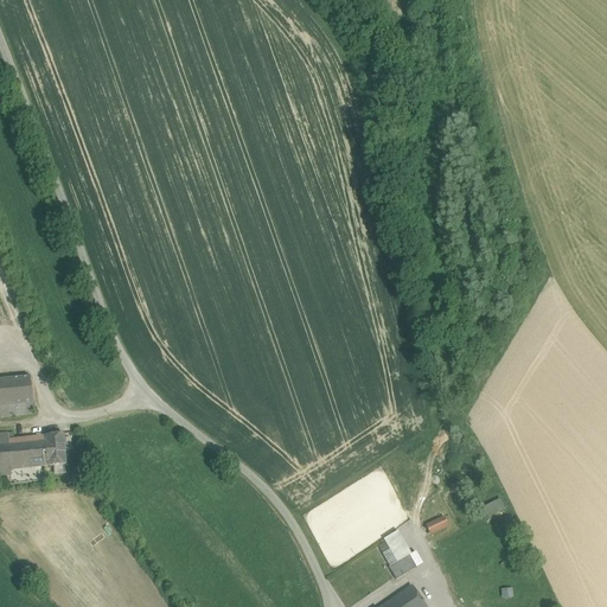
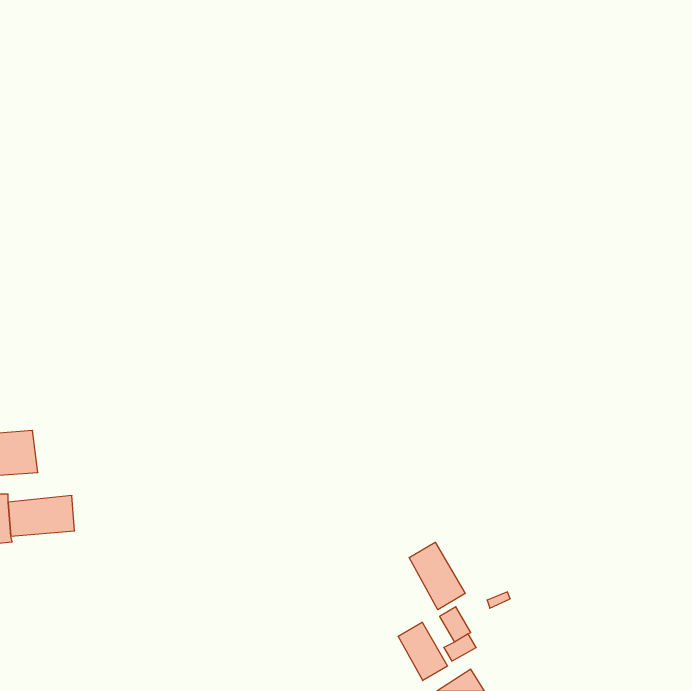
building: none -> [409,542,465,610]
building: none -> [398,622,448,681]

